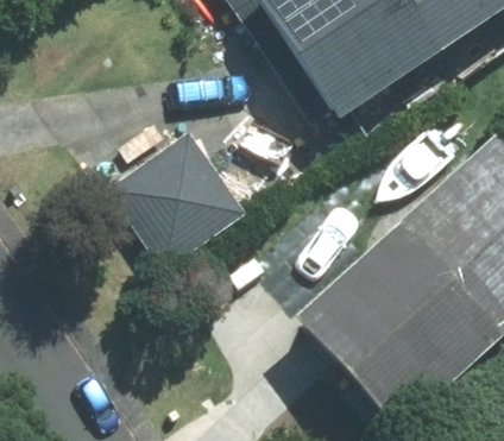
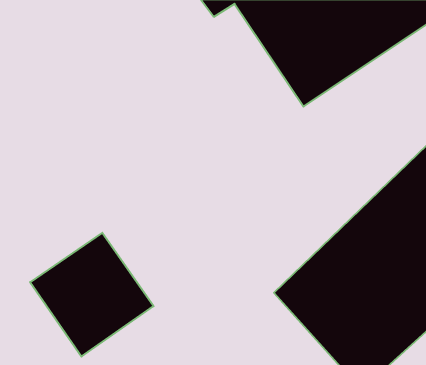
building: [108,132,242,266] -> [30,233,154,357]

